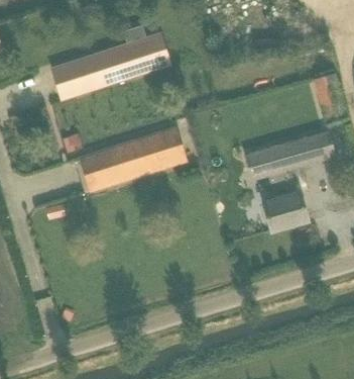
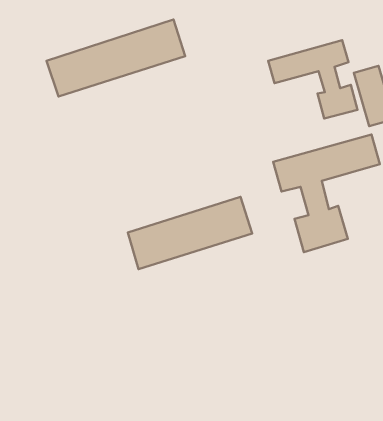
building: none -> [268,40,358,119]
building: [81,127,187,189] -> [128,197,252,269]

